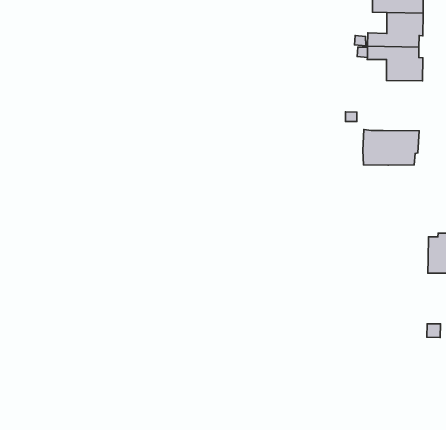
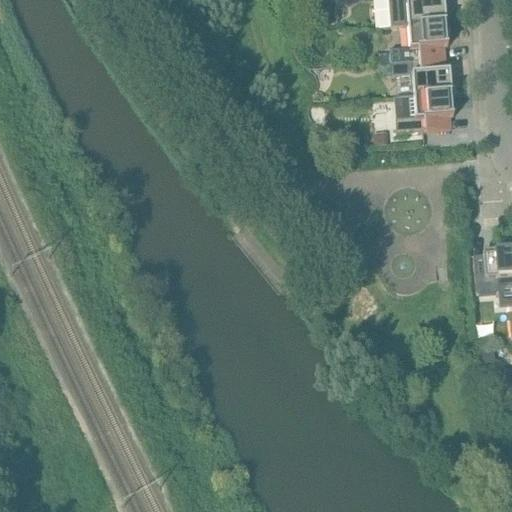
building: [363,130,419,165] -> [395,90,454,131]

